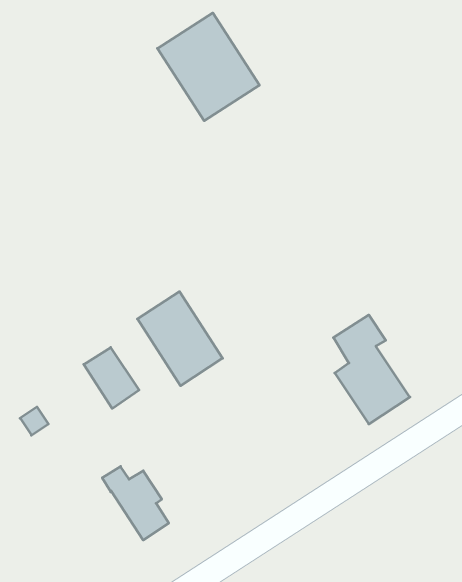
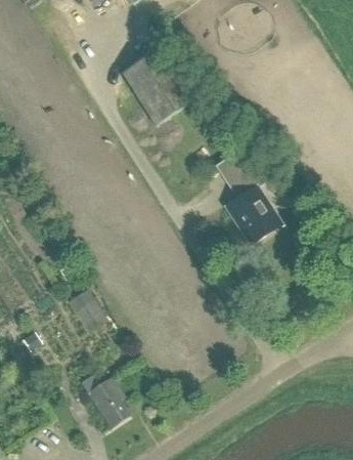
building: [137,292,223,386] -> none
building: [333,315,410,424] -> [226,164,281,243]

